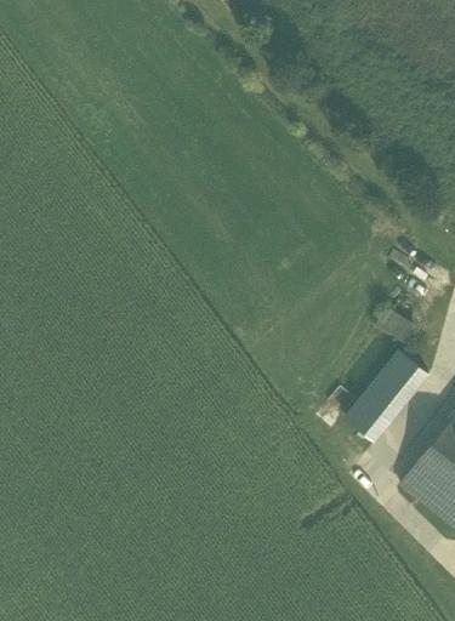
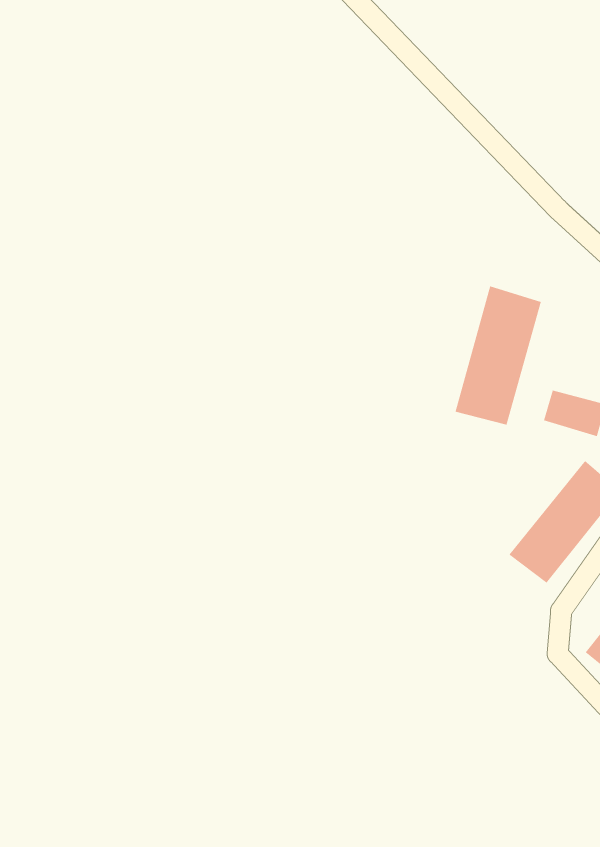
building: none -> [455,286,542,425]

